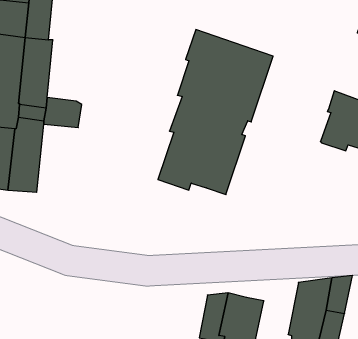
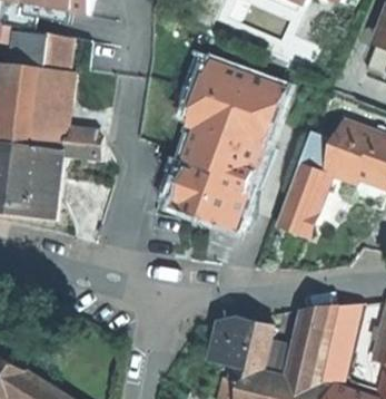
building: none -> [275,133,338,237]

